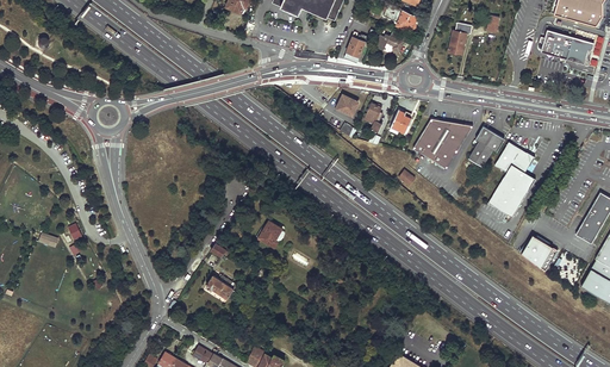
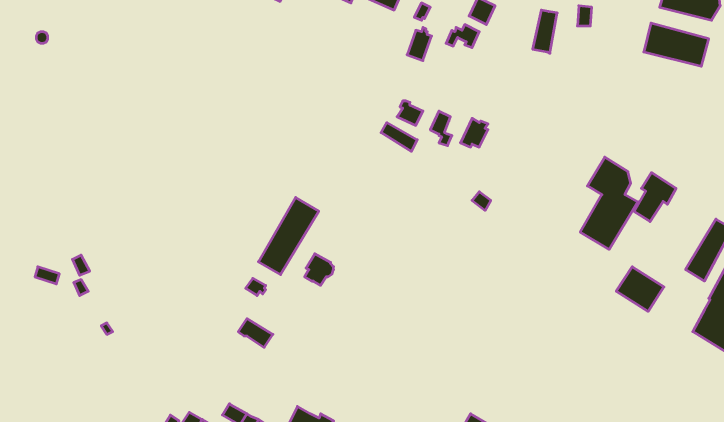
building: [413,119,473,169] -> none
building: [469,126,504,167] -> [634,173,676,222]
building: none -> [258,197,319,275]

